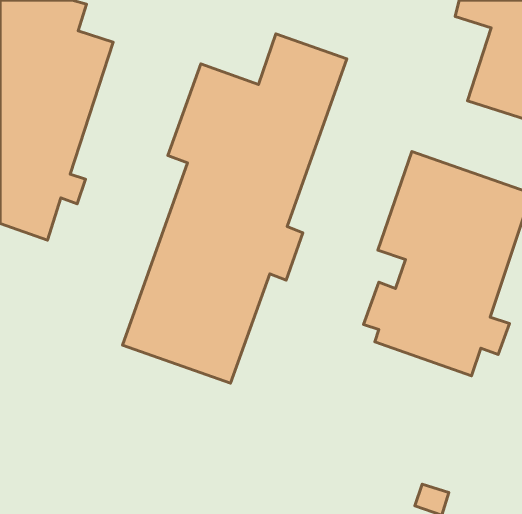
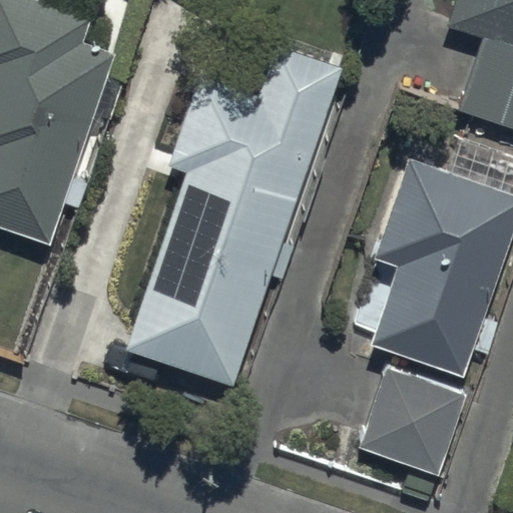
building: none -> [360,367,467,476]

